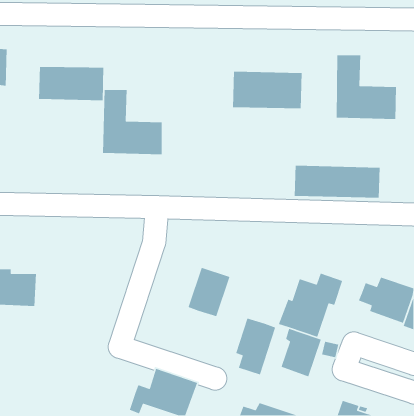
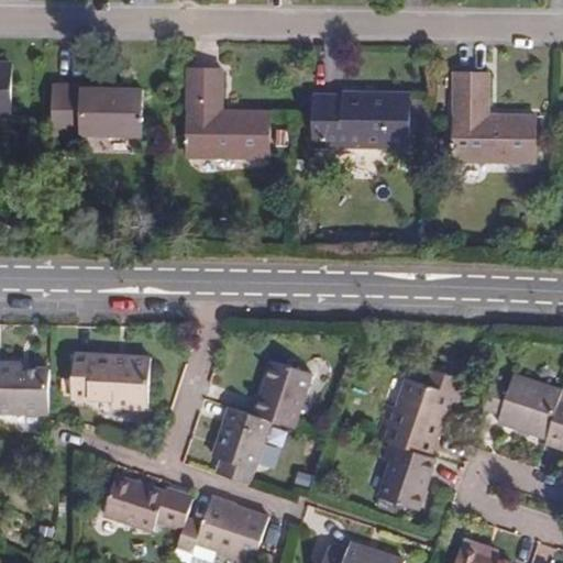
building: [102,89,162,155] -> [186,68,267,157]
building: [294,165,380,198] -> none
building: none -> [70,354,150,409]
building: [235,318,276,375] -> [212,407,267,485]
building: none -> [103,476,192,530]

